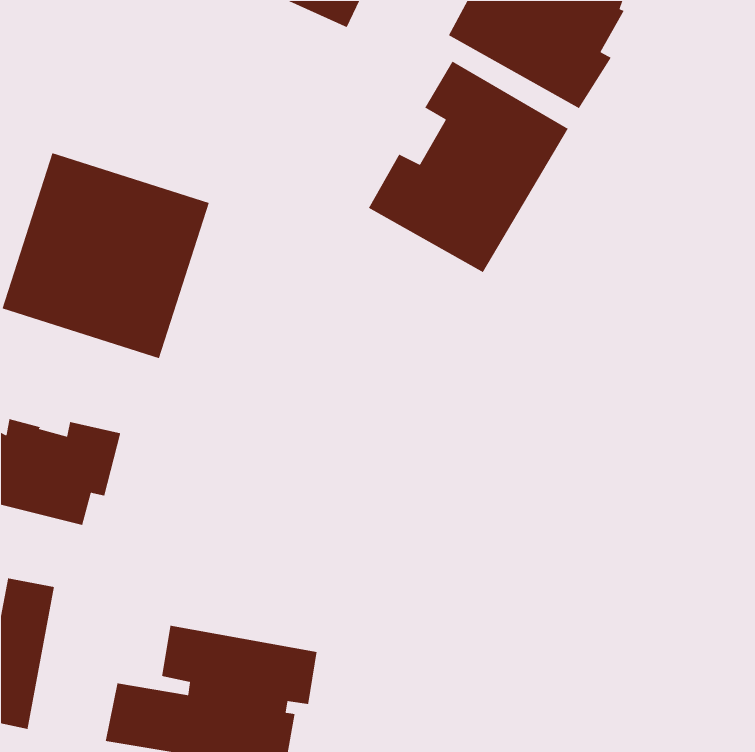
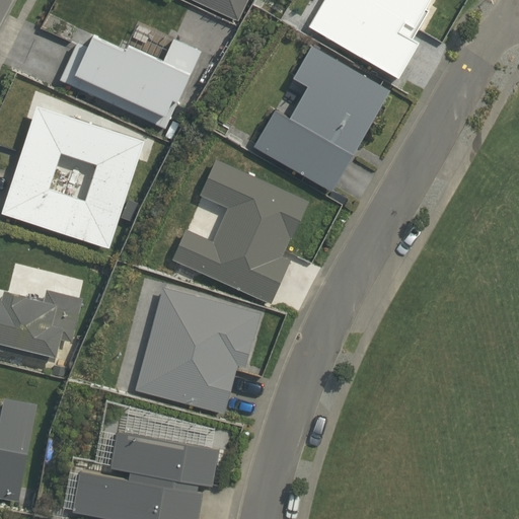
building: none -> [59,31,202,130]
building: none -> [171,158,309,304]
building: none -> [134,286,261,415]

